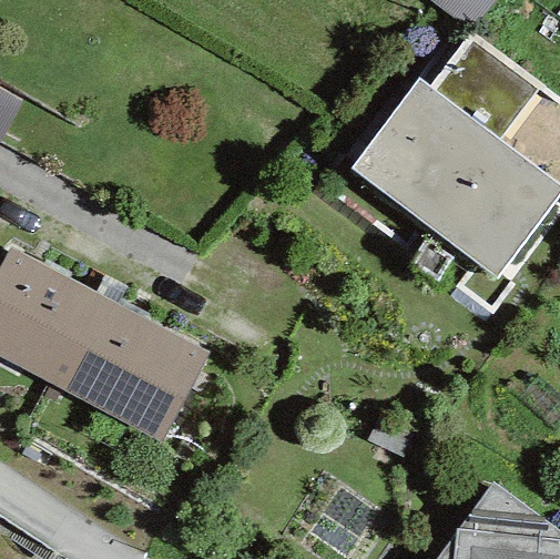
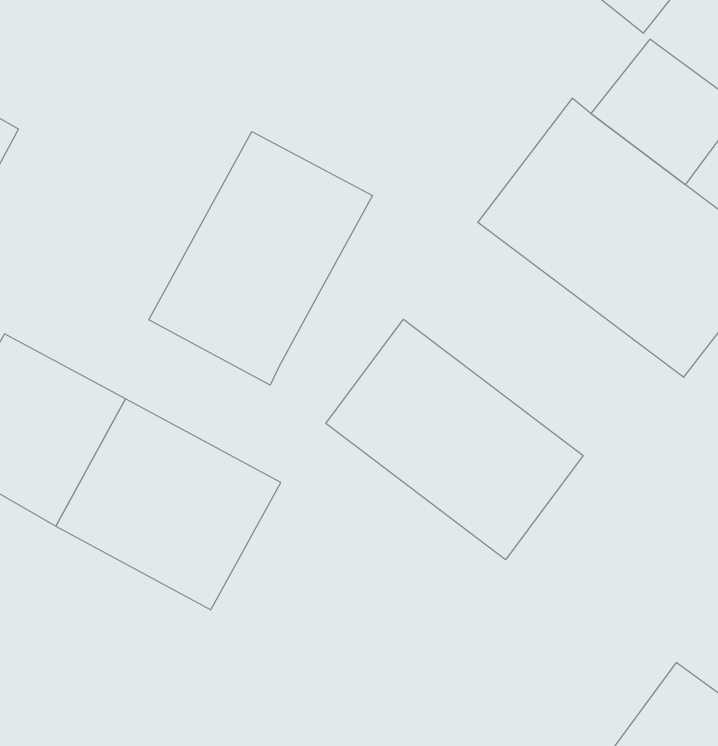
building: none -> [149,132,373,385]
building: none -> [326,319,583,560]

